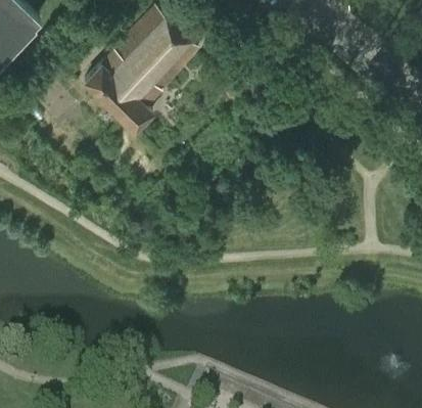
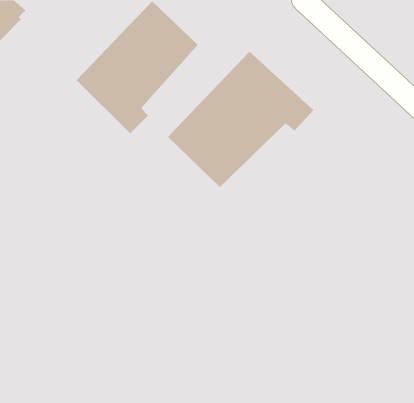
building: none -> [167,51,314,188]

